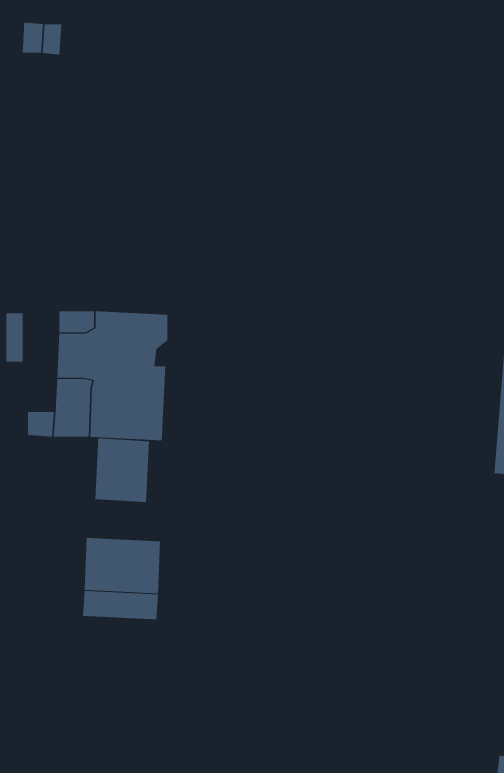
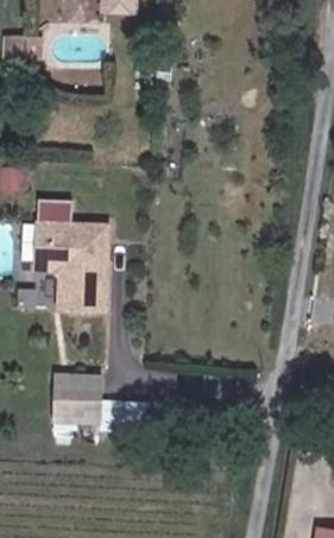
building: [95,437,150,503] -> none

